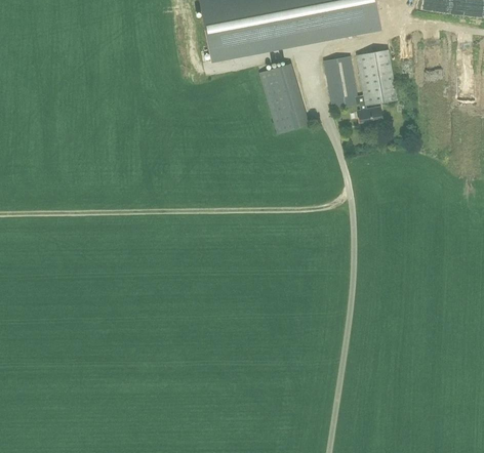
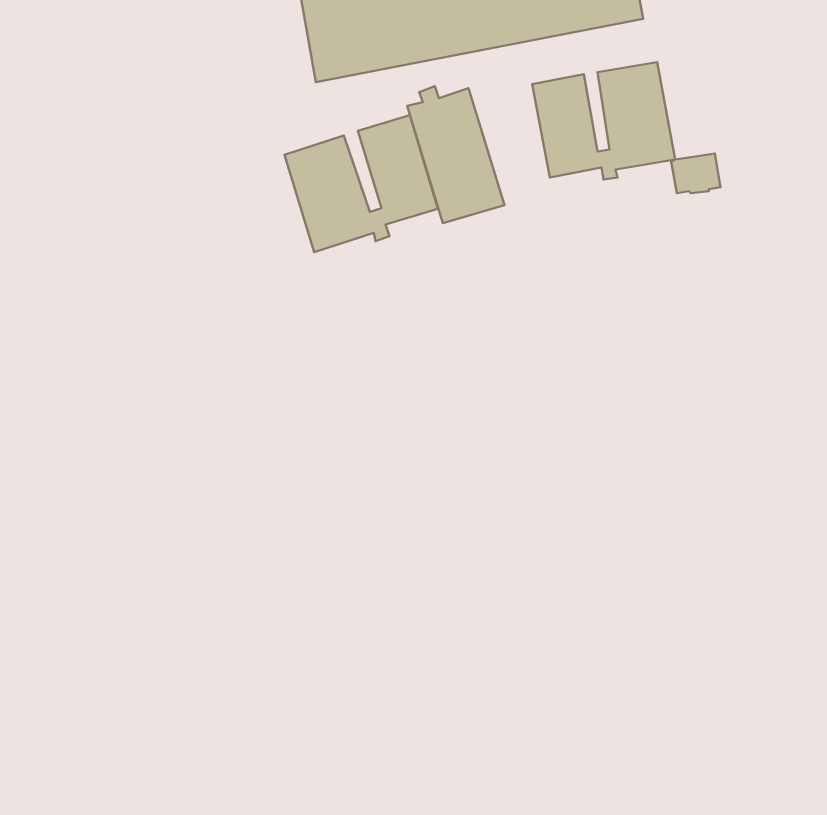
building: none -> [284,115,438,252]
building: [358,107,384,127] -> [671,154,721,193]

